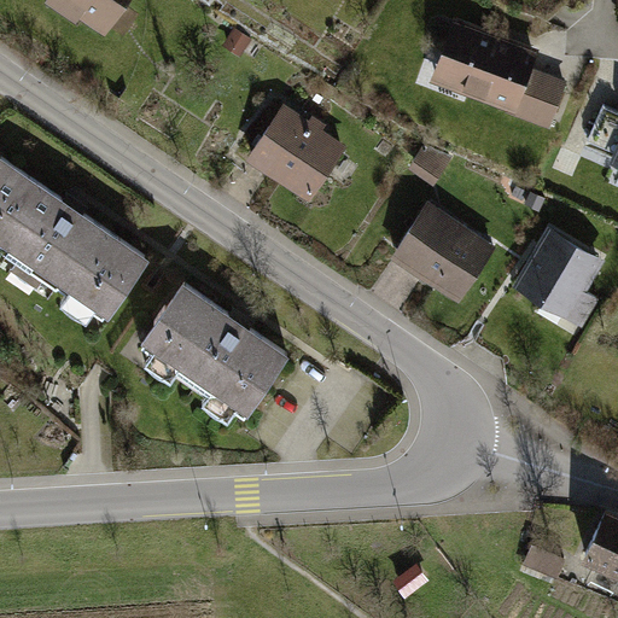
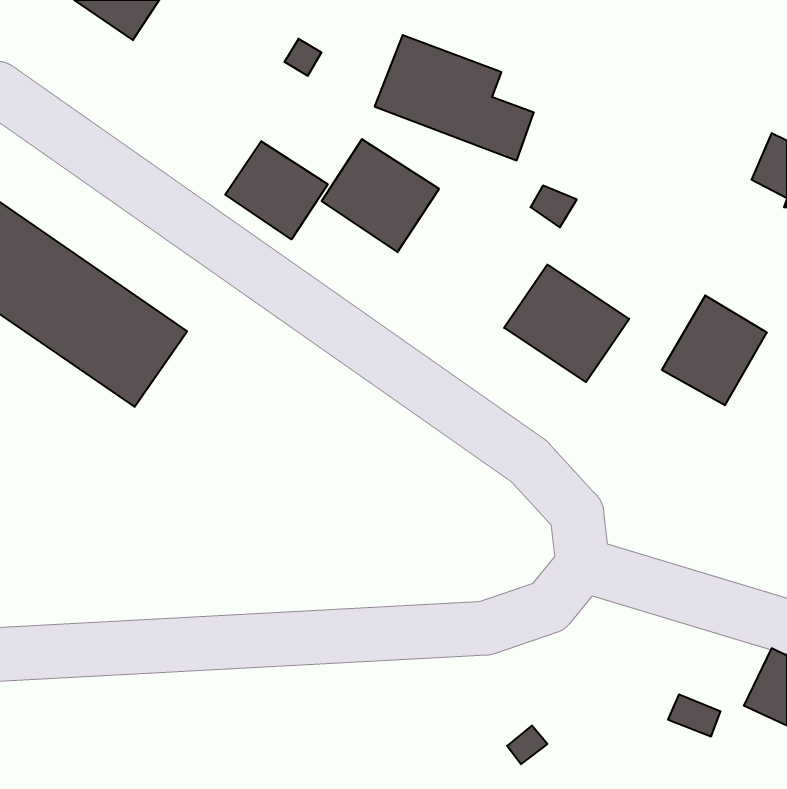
building: [436,24,560,122] -> [375,35,534,160]
building: none -> [225,141,328,239]
building: [141,285,288,419] -> none

